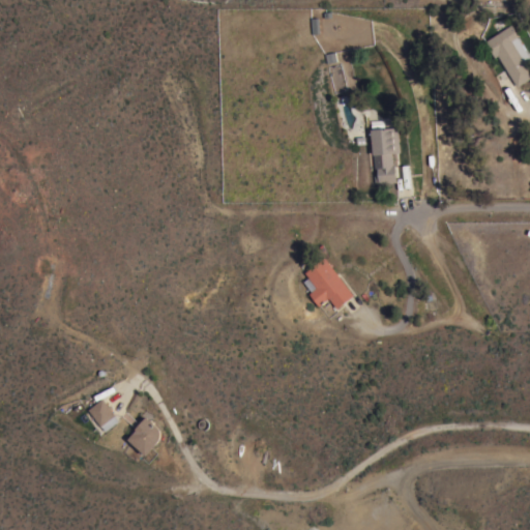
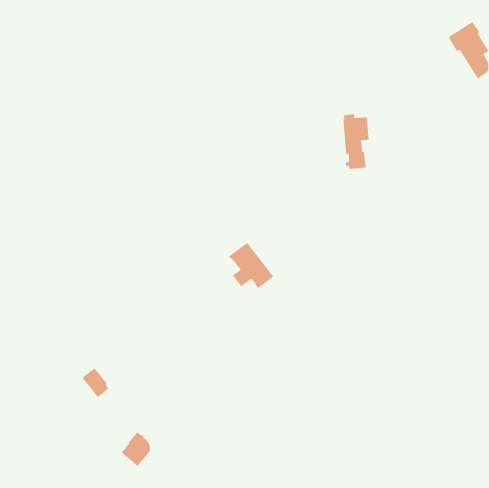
building: [303,258,353,308] -> [228,242,274,289]
building: [128,417,160,455] -> [121,431,150,467]

